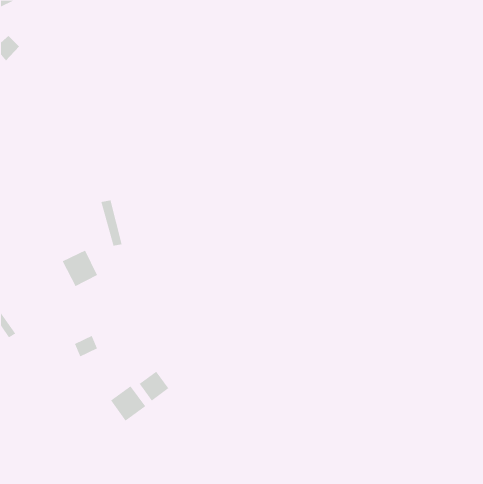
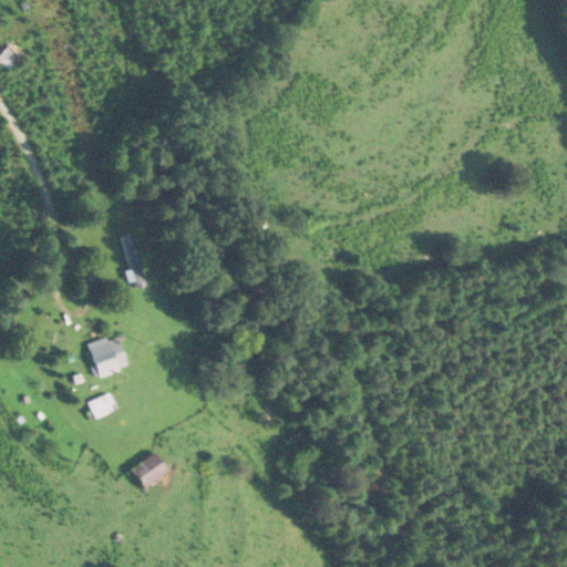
building: [62,250,98,287] -> [86,333,128,377]
building: [139,371,169,401] -> none

